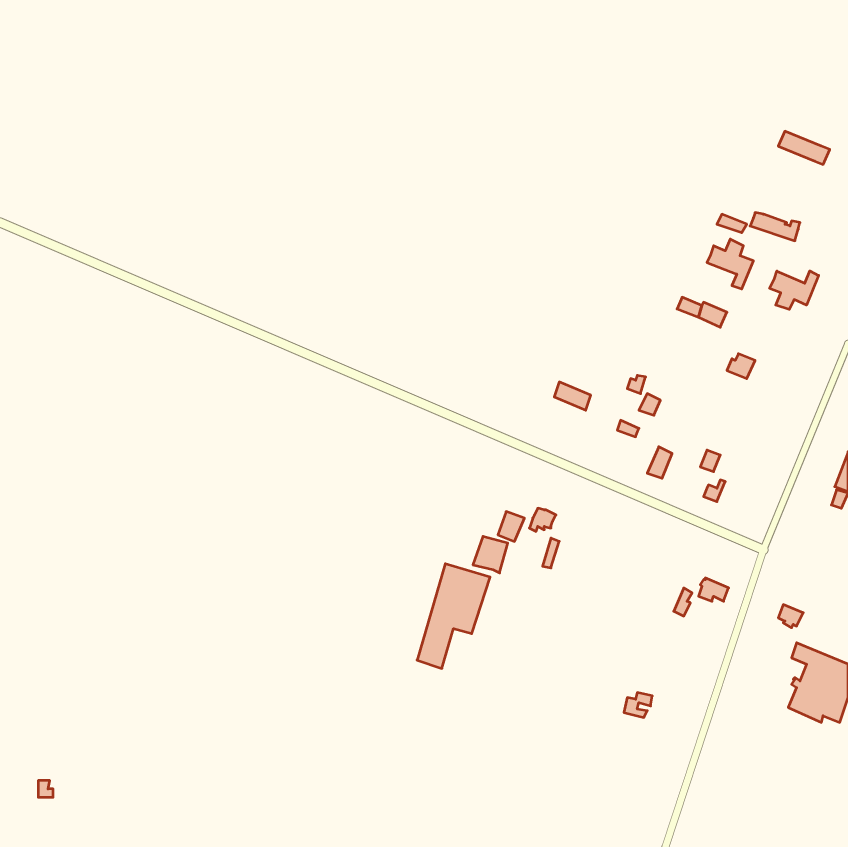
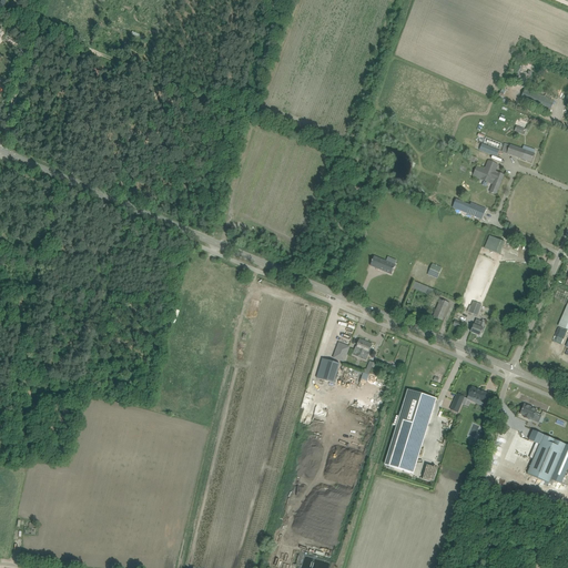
building: [770,271,819,309] -> none
building: [417,564,490,668] -> [388,388,437,458]

